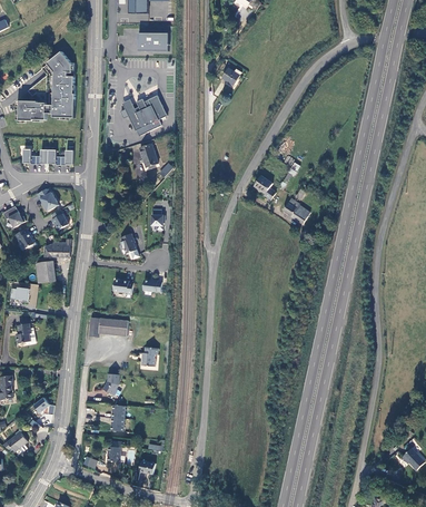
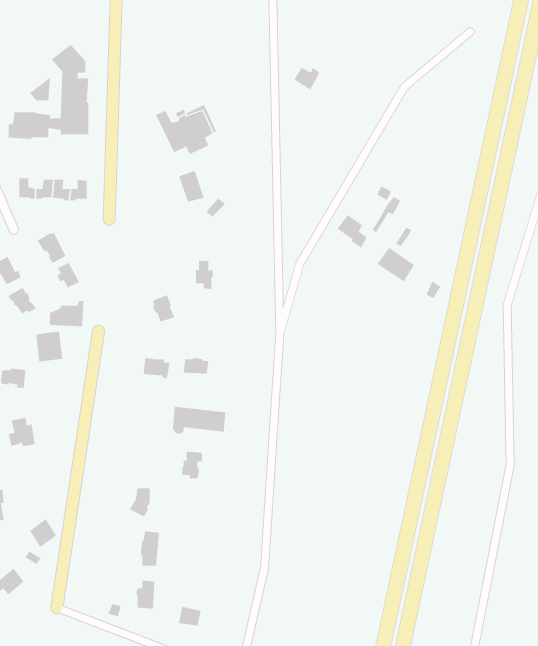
building: [137,32,168,50] -> none
building: [88,316,127,337] -> [172,406,226,434]

